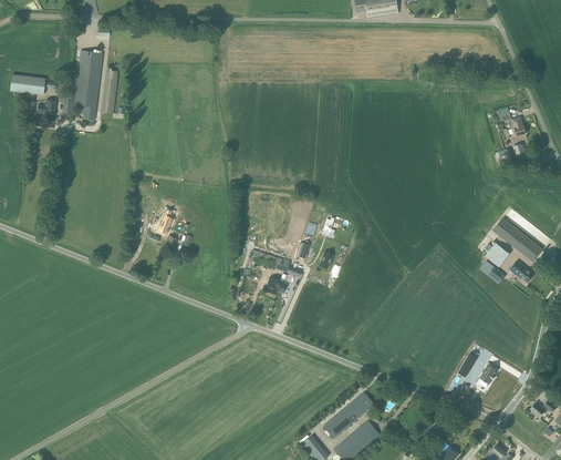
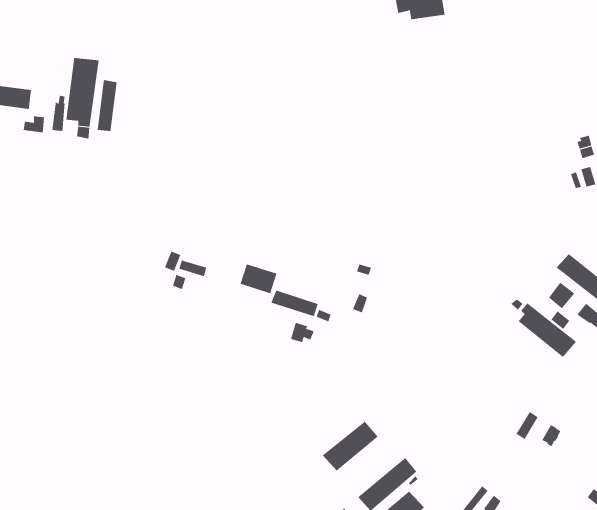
building: none -> [240,263,277,294]
building: none -> [518,303,577,358]
building: none -> [322,421,378,471]

